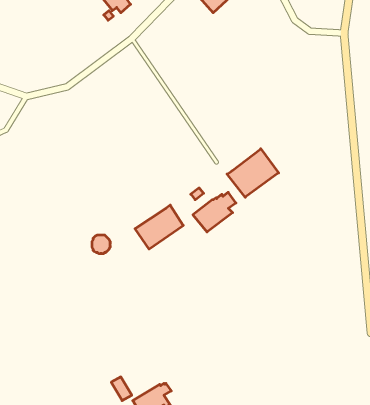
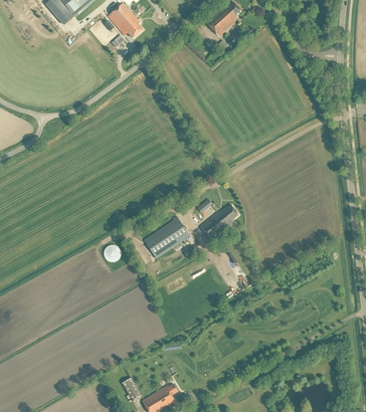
building: [227,149,279,197] -> none

